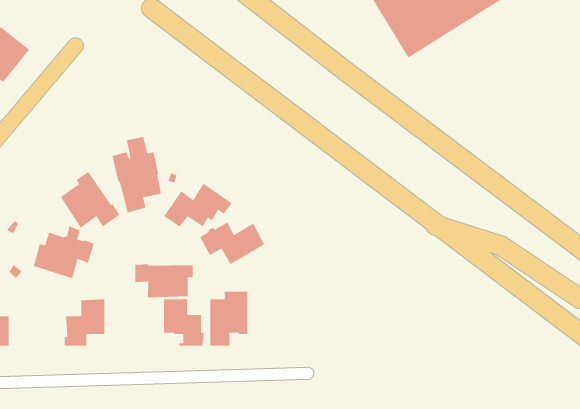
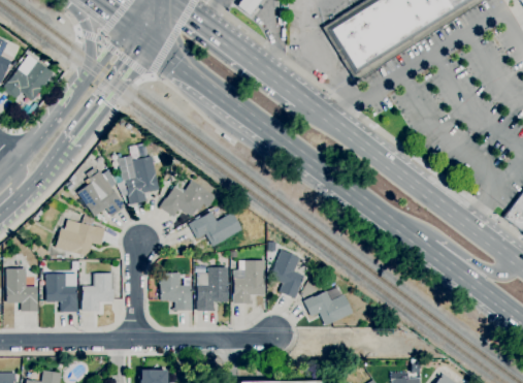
building: [134,264,194,298] -> none
building: none -> [269,250,304,298]
building: none -> [233,260,264,304]
building: none -> [45,274,77,312]
building: none -> [303,290,353,325]

